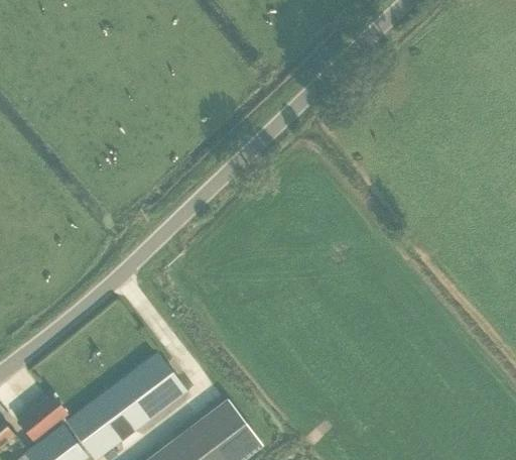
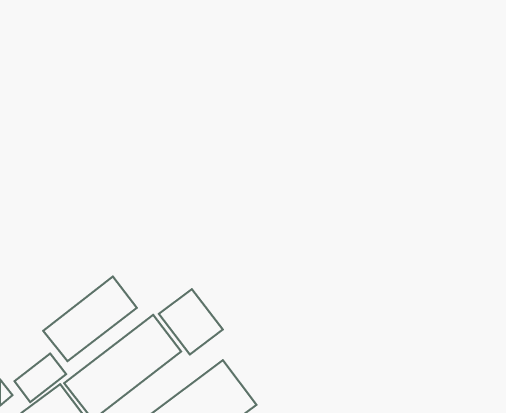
building: none -> [43,277,137,361]
building: none -> [159,289,223,354]

